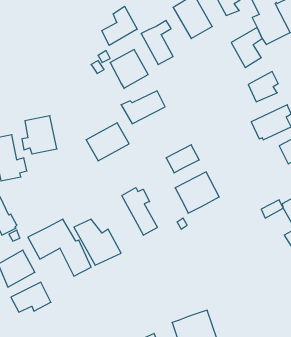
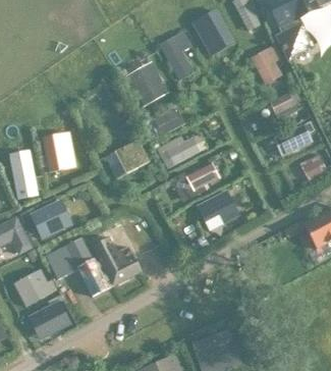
building: [102,6,137,45] -> none
building: none -> [156,136,201,165]
building: none -> [31,199,71,237]
building: [122,188,157,235] -> none

